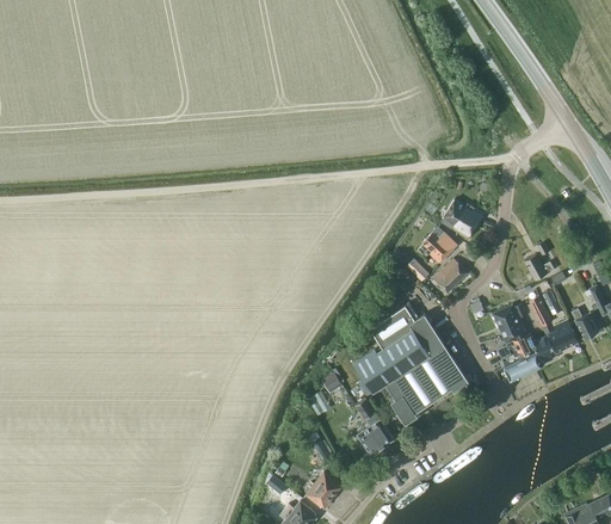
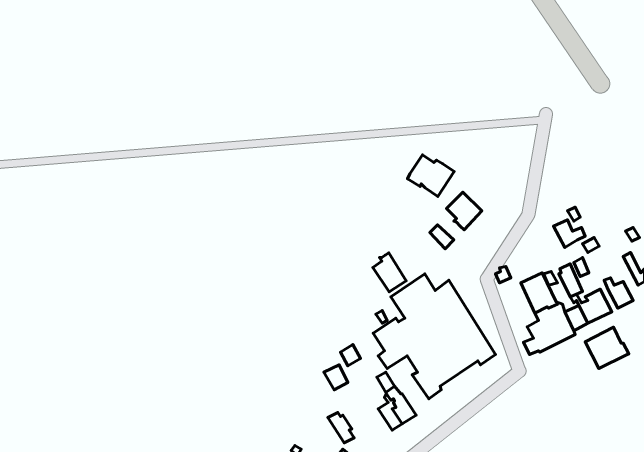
building: [440,201,485,240] -> [407,155,454,197]
building: [433,259,468,294] -> none
building: none -> [373,253,406,292]
building: none -> [585,327,629,368]

